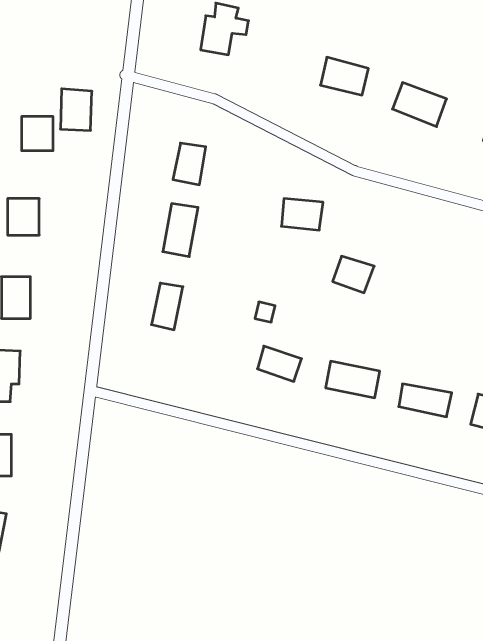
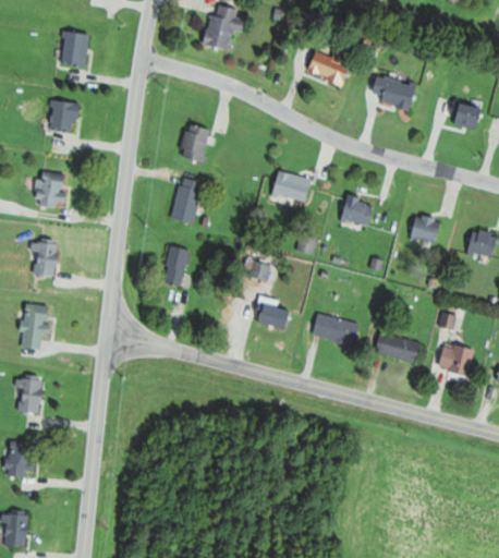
building: [60,89,92,130] -> [61,32,88,68]
building: none -> [411,215,441,244]
building: [333,256,374,293] -> [340,196,376,228]

